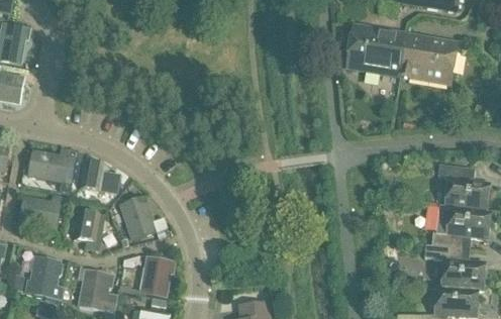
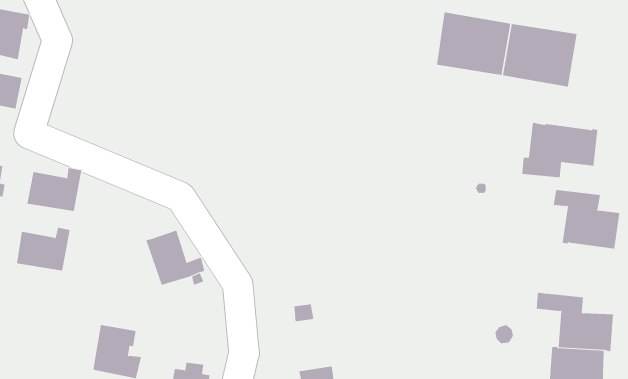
building: [77,160,120,195] -> none
building: [431,205,491,248] -> [522,122,598,178]
building: [72,210,104,251] -> none
building: [25,256,63,299] -> none
building: [138,256,175,298] -> none

